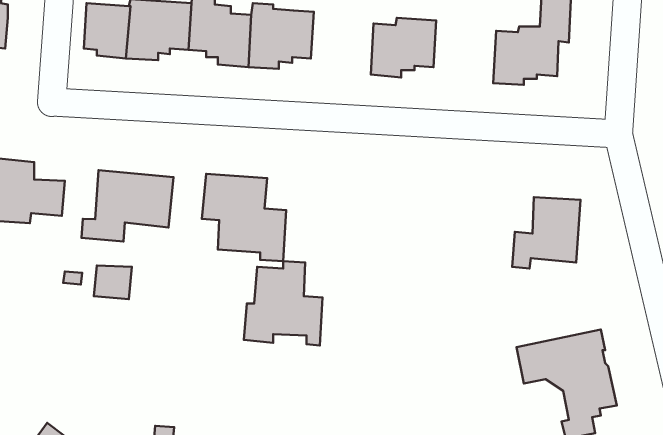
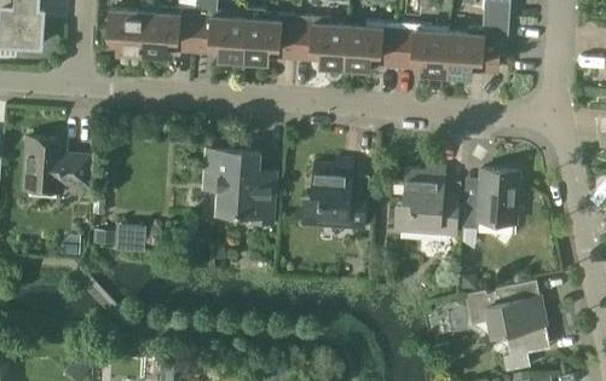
building: none -> [295,16,347,68]
building: none -> [397,23,449,75]
building: [81,170,174,241] -> none
building: none -> [394,164,460,235]
building: [244,261,323,346] -> [302,158,368,229]

